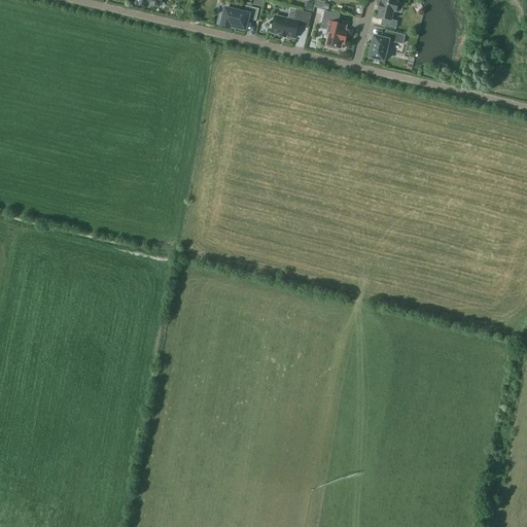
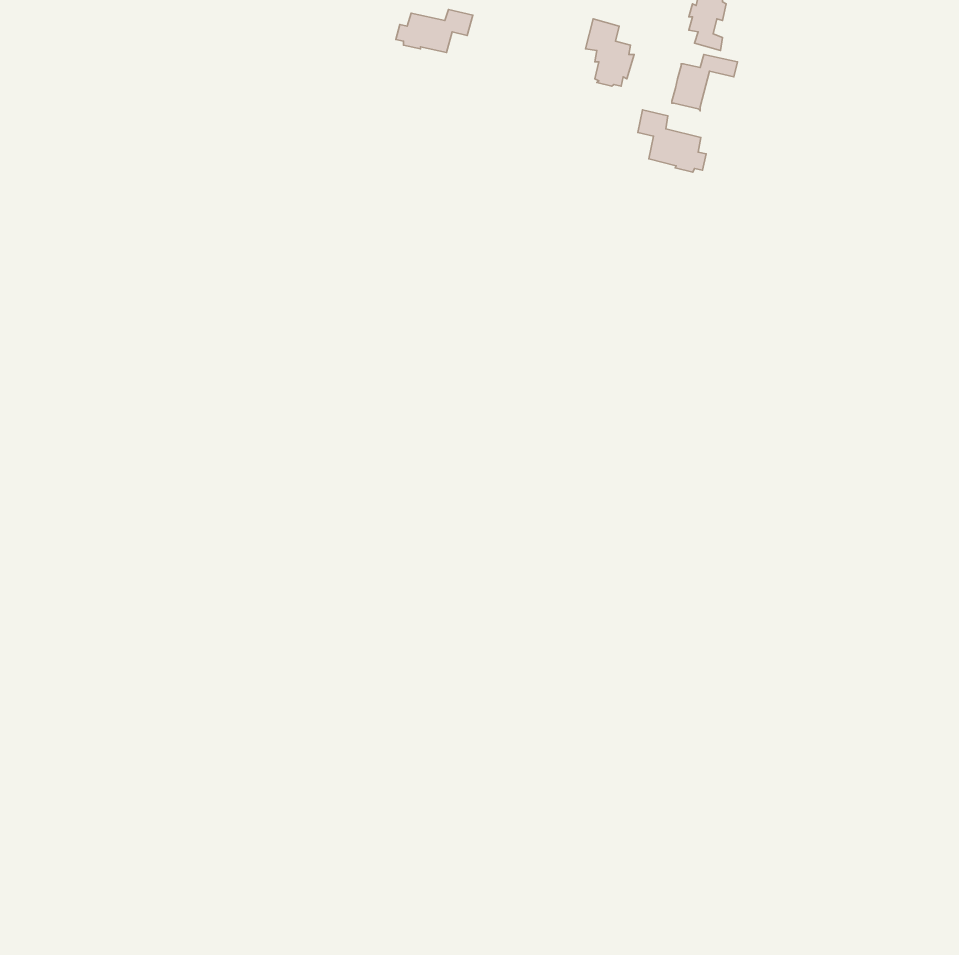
building: [271,11,310,39] -> none
building: none -> [638,110,706,172]

